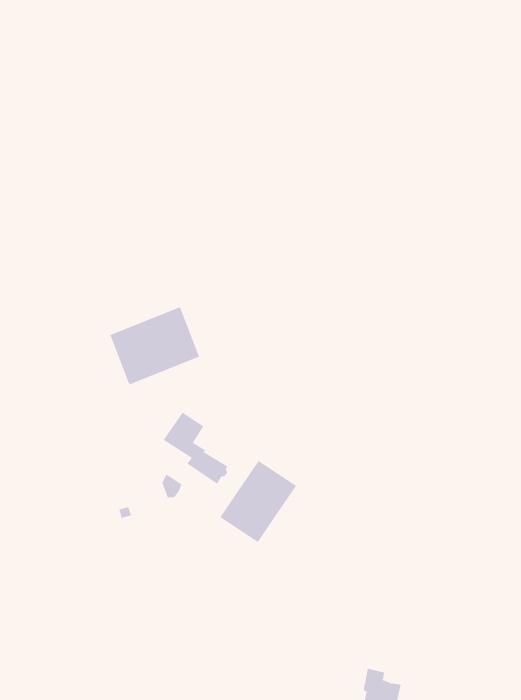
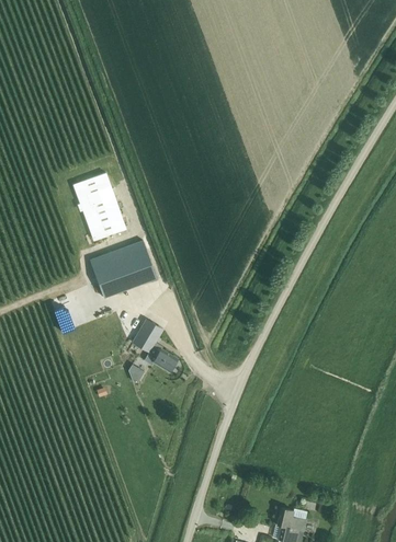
building: none -> [72,172,126,241]
building: [219,460,297,543] -> none

